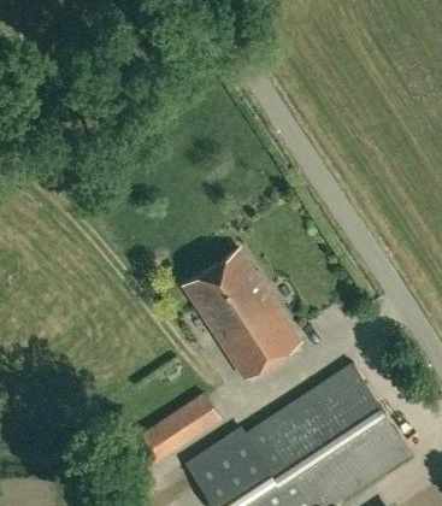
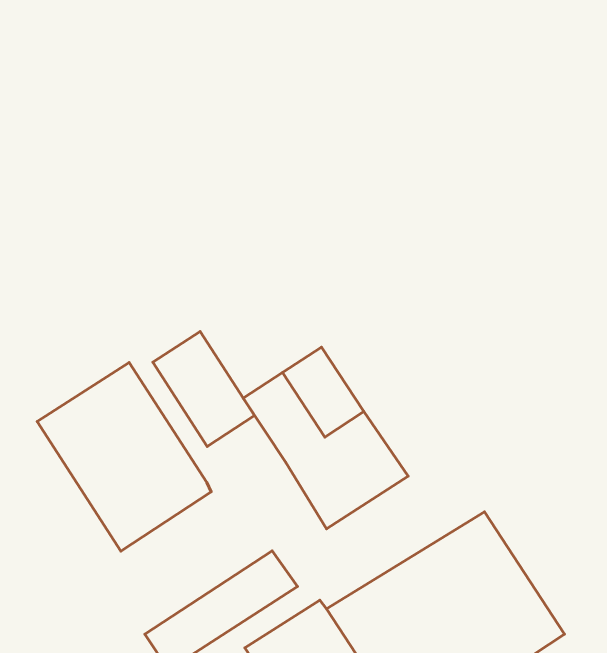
building: none -> [153,331,255,446]
building: none -> [37,363,211,551]

